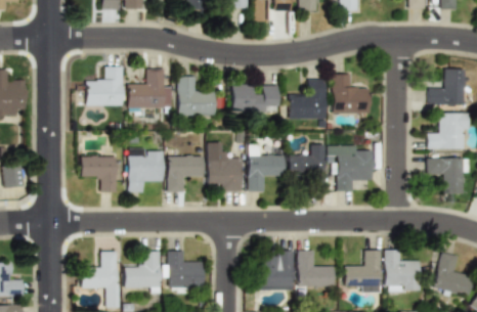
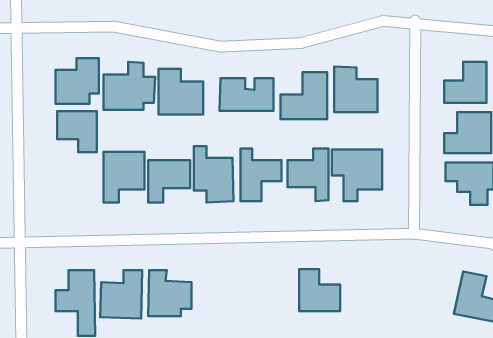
building: [83,157,118,192] -> [57,111,97,152]
building: [346,251,383,294] -> none
building: [387,251,423,294] -> none
building: [263,252,296,289] -> none

